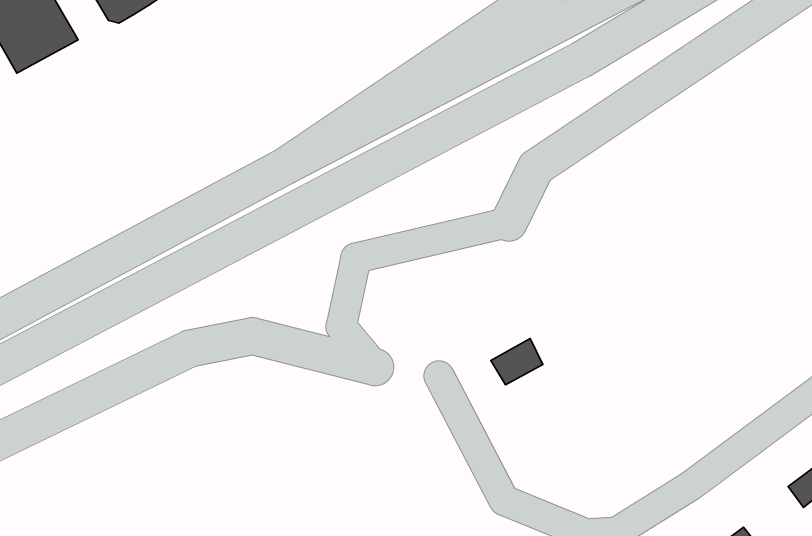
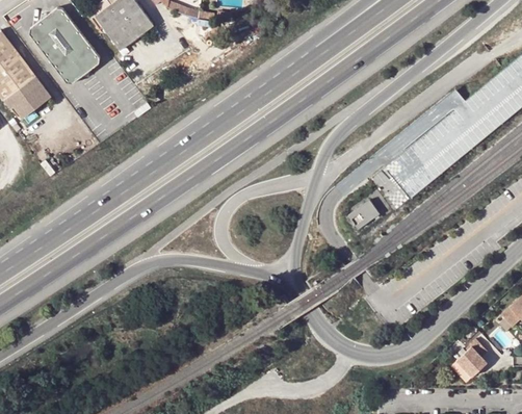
building: [491,338,543,385] -> [347,199,379,228]

